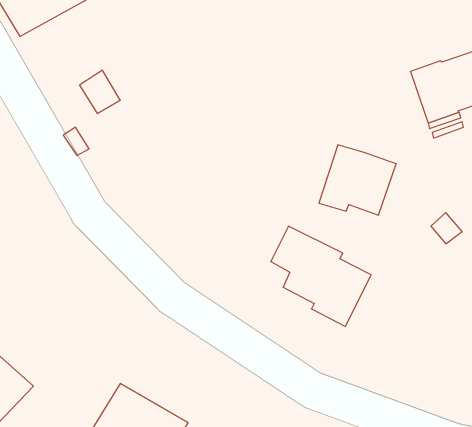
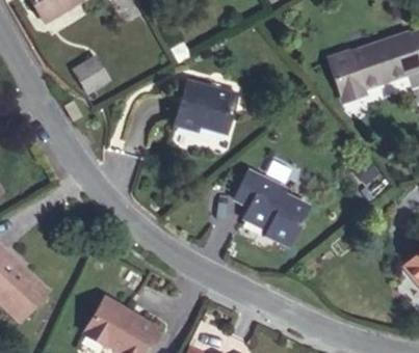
building: [319,145,396,215] -> [172,88,231,142]

